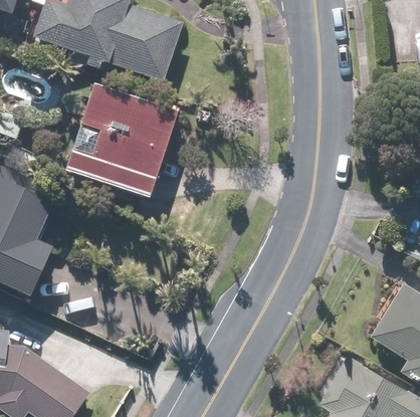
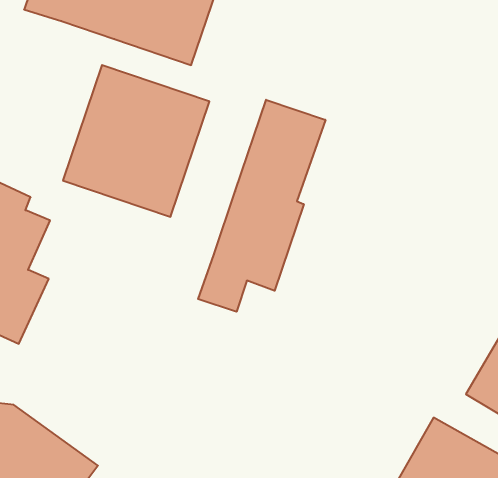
building: none -> [198,100,325,312]

